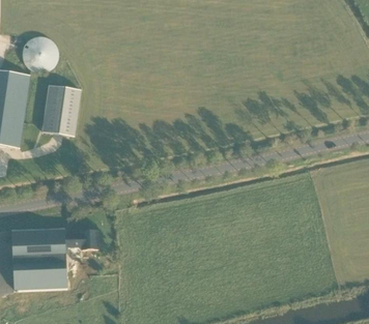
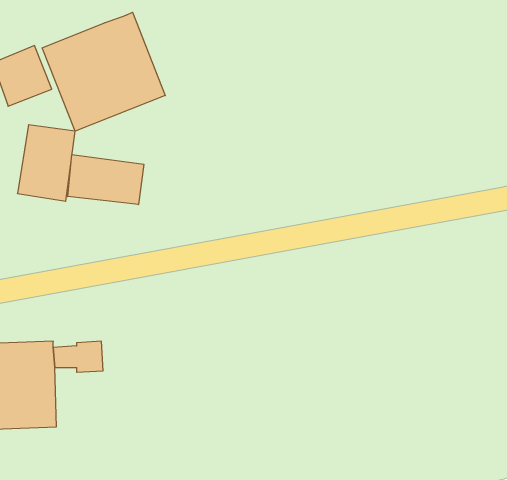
building: none -> [42,12,165,131]
building: none -> [68,155,144,205]

